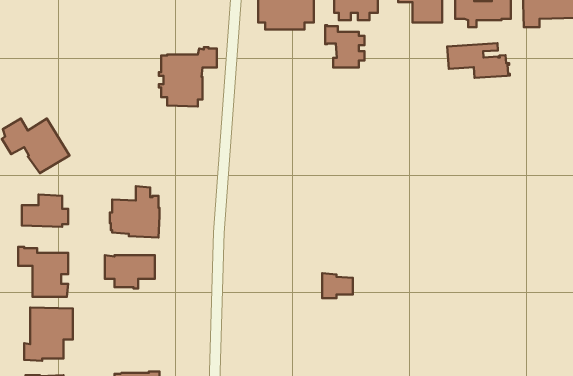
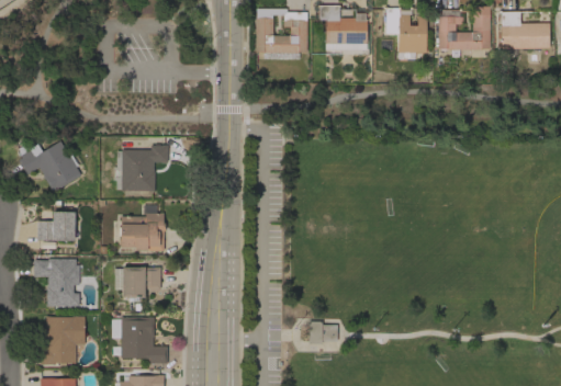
building: [325,25,365,67] -> none
building: [447,43,510,78] -> none
building: [159,47,217,107] -> [114,144,168,198]
building: [322,273,353,298] -> [308,321,337,344]
building: none -> [111,317,167,364]

